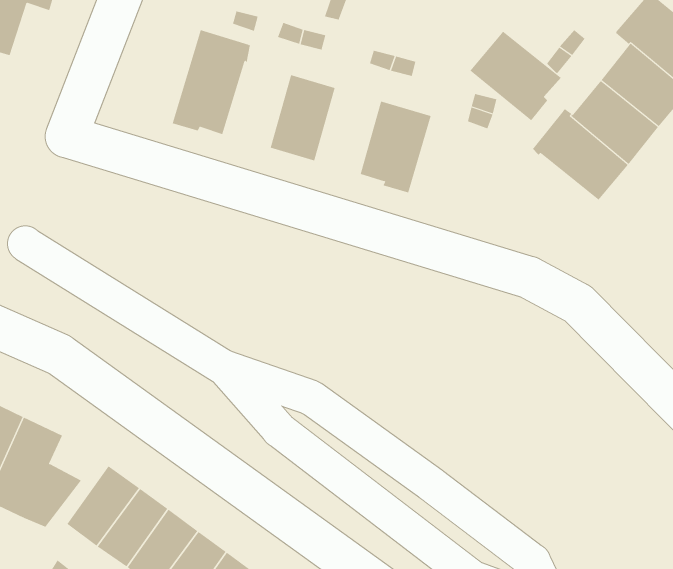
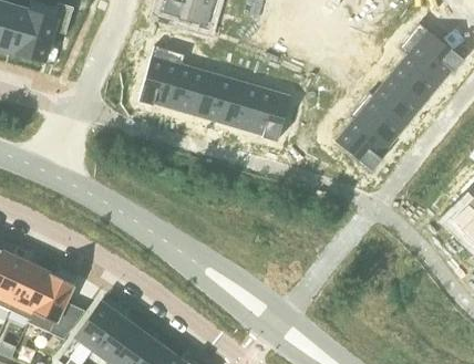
building: [469,31,561,121] -> [336,118,390,171]
building: none -> [168,64,208,115]
building: none -> [223,80,261,131]

